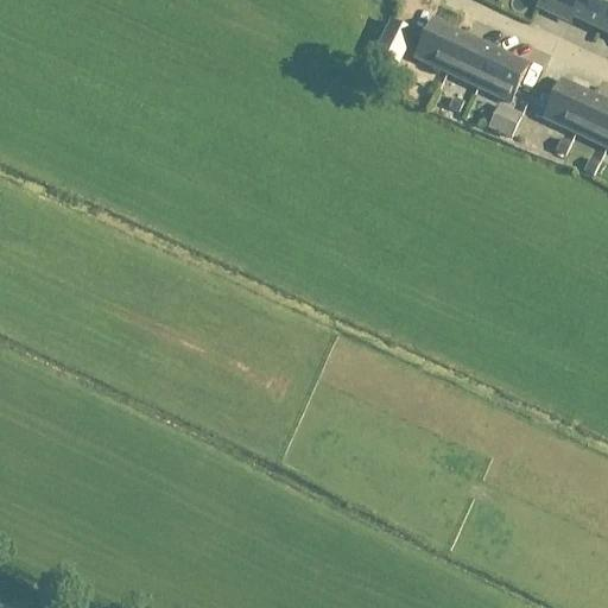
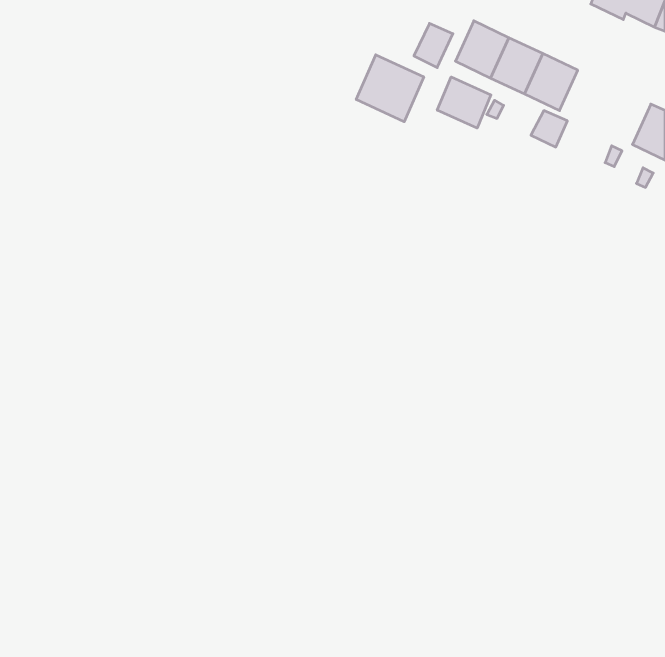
building: none -> [356,55,424,122]
building: none -> [437,77,491,128]
building: [545,80,594,132] -> none

